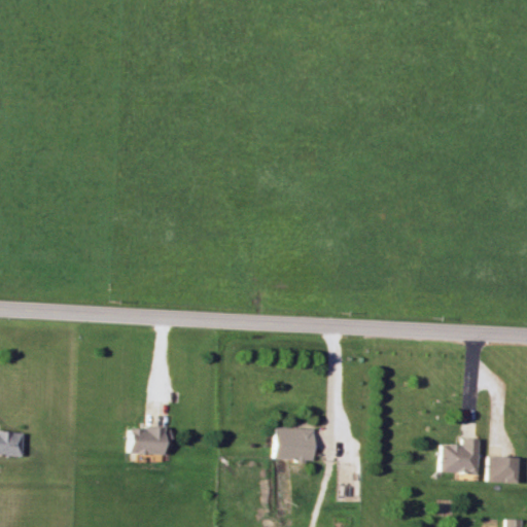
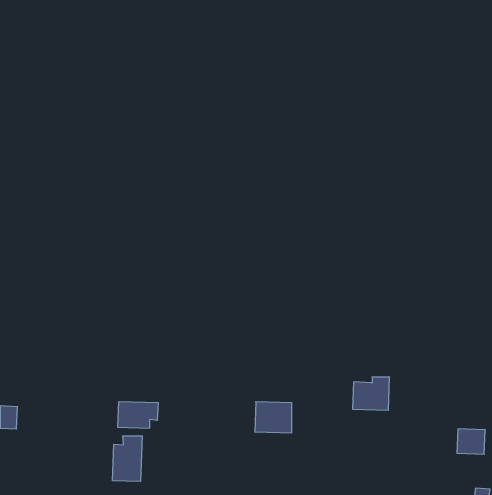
building: [441,438,480,473] -> [353,377,390,410]
building: none -> [113,436,142,481]

